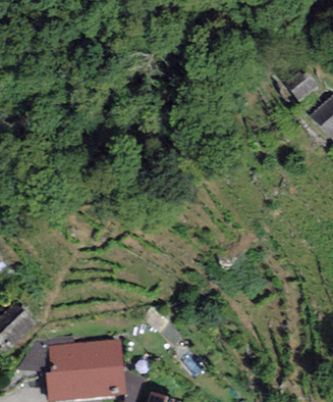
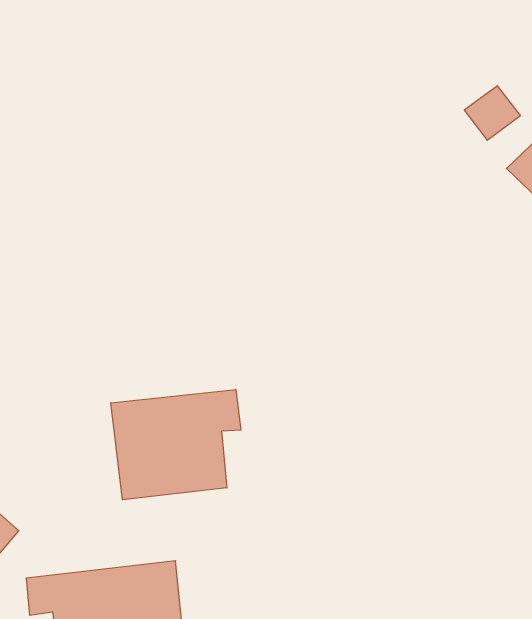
building: none -> [111,389,241,500]

